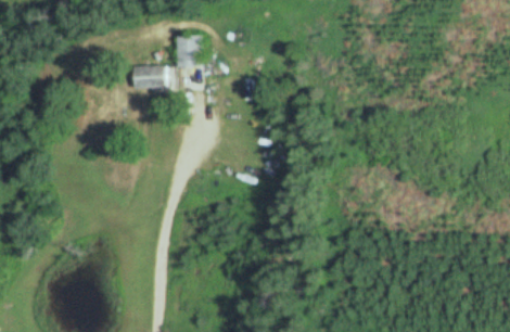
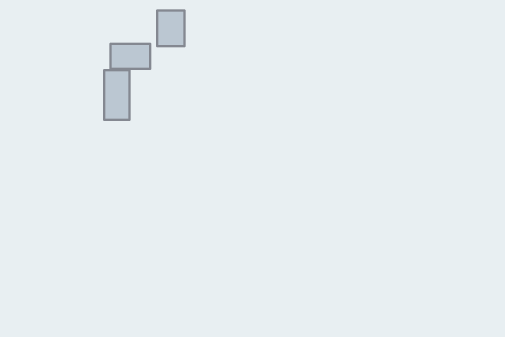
building: none -> [104,70,130,120]

